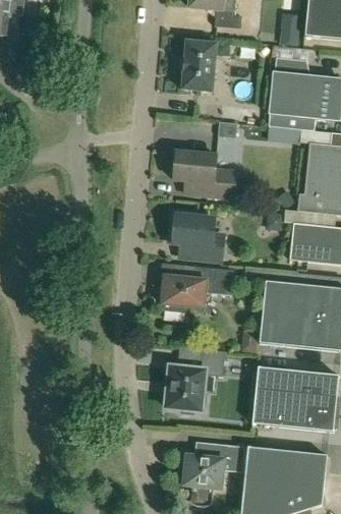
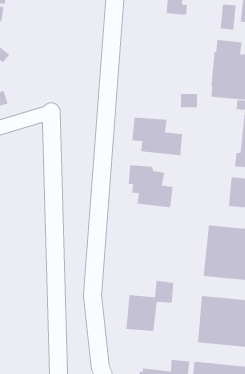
building: [181,40,216,92] -> none
building: [161,265,232,310] -> none

